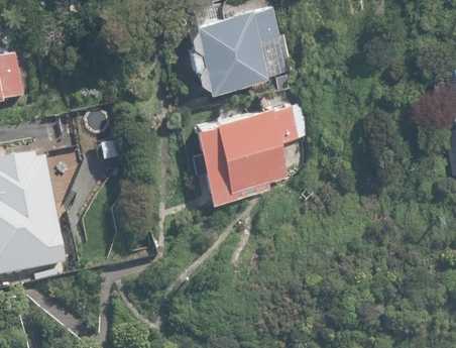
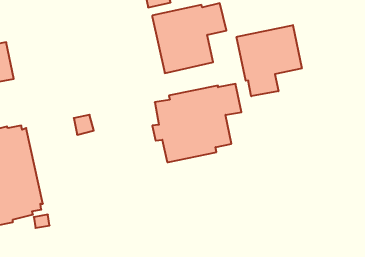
building: none -> [237,25,302,96]

